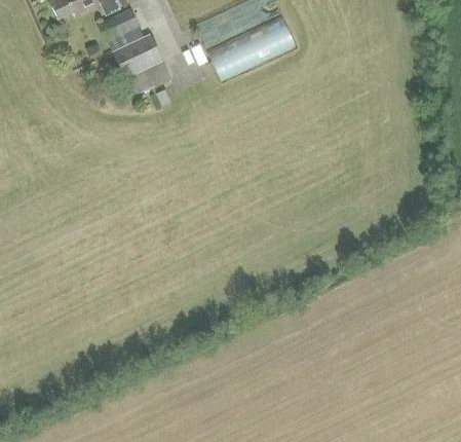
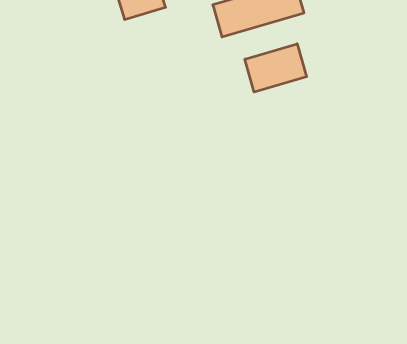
building: none -> [245,44,307,92]

